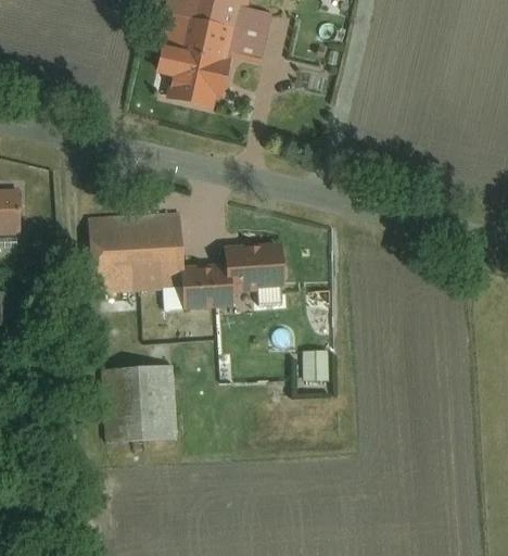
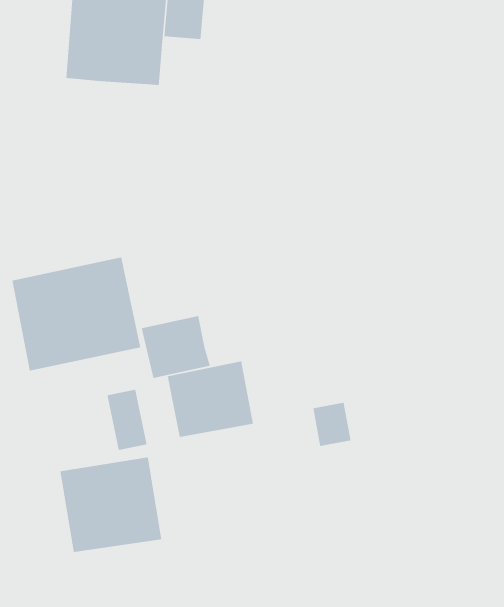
building: [174,78,214,112] -> none
building: [227,240,288,292] -> [167,360,254,438]
building: none -> [106,389,148,451]

